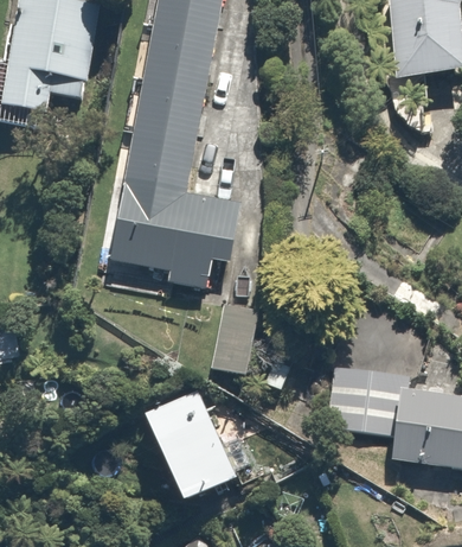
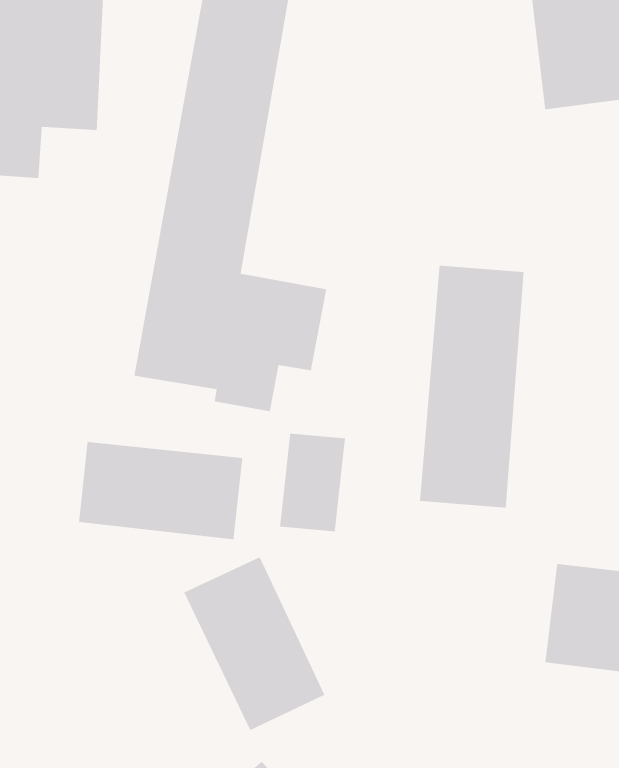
building: none -> [419,265,524,508]
building: none -> [78,441,243,540]
building: [328,369,397,433] -> none

